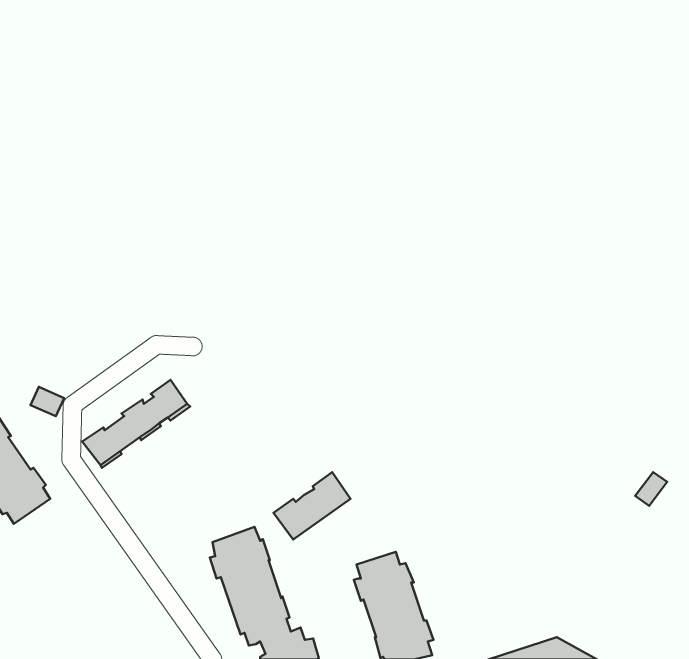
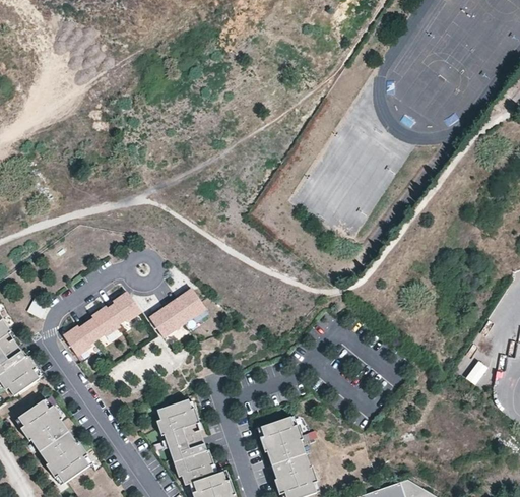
building: [274,472,350,539] -> [149,289,205,337]
building: none -> [17,398,88,484]

